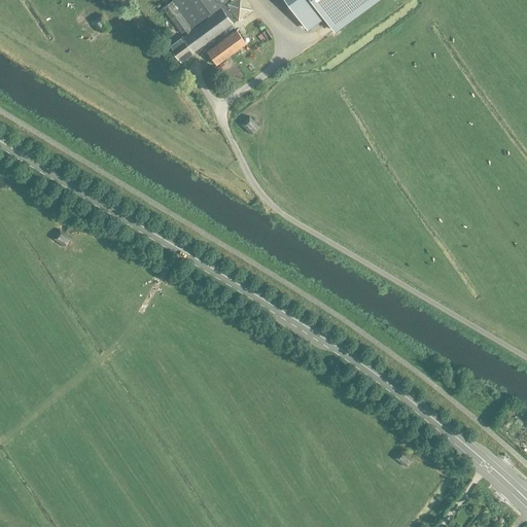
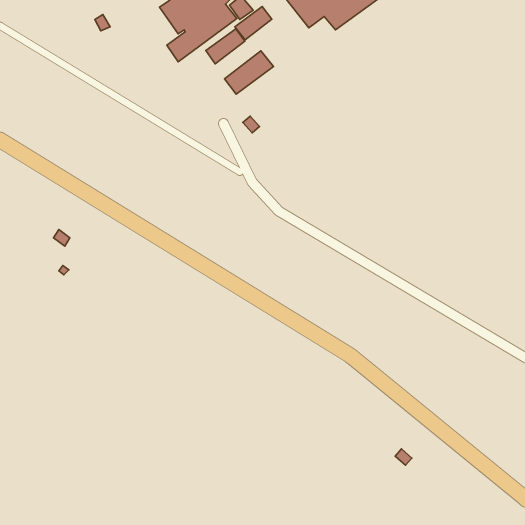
building: none -> [235,7,272,40]
building: none -> [225,51,274,94]

